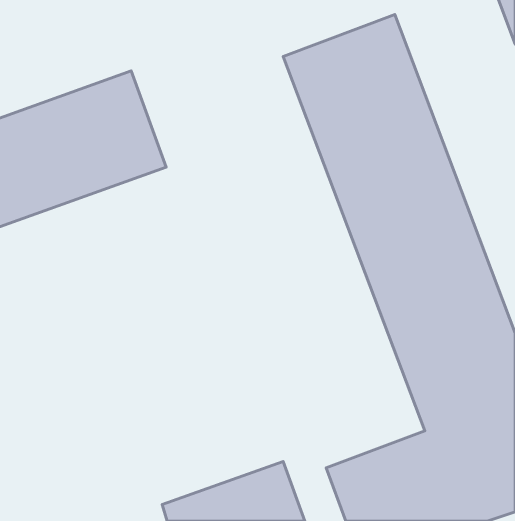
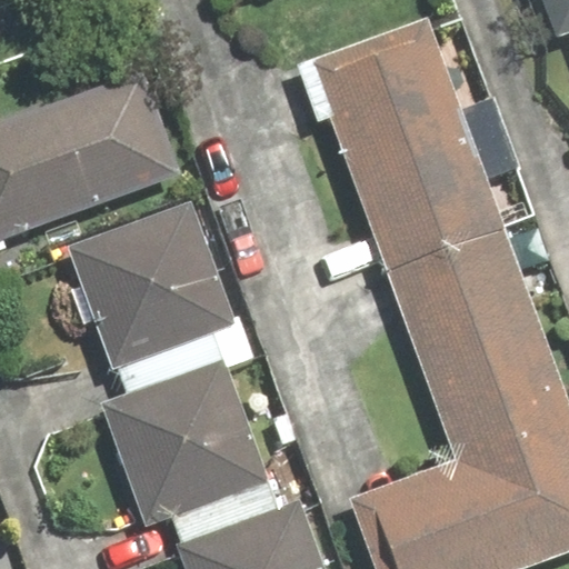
building: none -> [61,202,237,371]
building: none -> [96,356,271,525]

